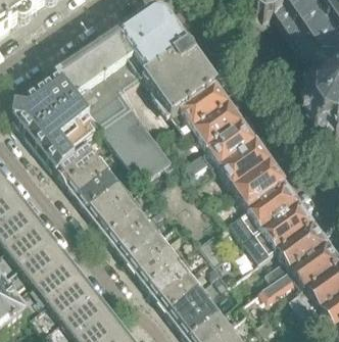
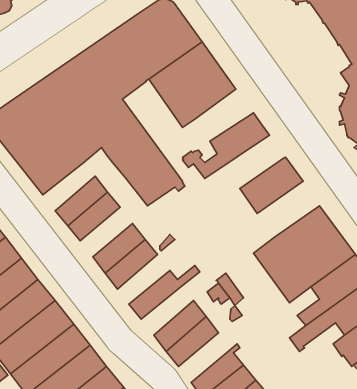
building: [175,81,228,132] -> none
building: [183,118,253,170] -> none
building: [55,141,98,181] -> none
building: [231,156,282,202] -> none
building: [86,178,129,218] -> none
building: [116,216,159,257] -> none
building: [136,242,179,283] -> none
building: [166,276,226,322] -> none

